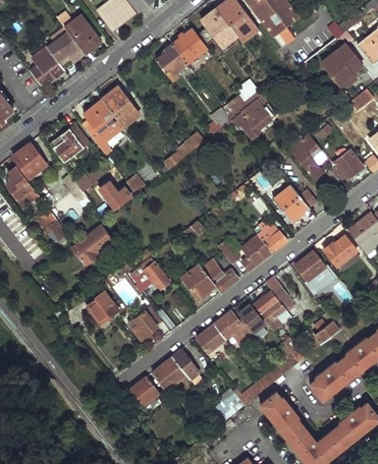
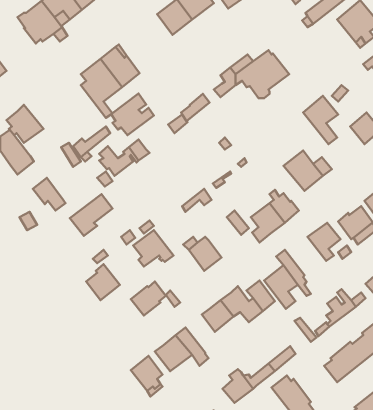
building: [50,123,90,162] -> [111,94,154,135]
building: [202,259,238,293] -> none

